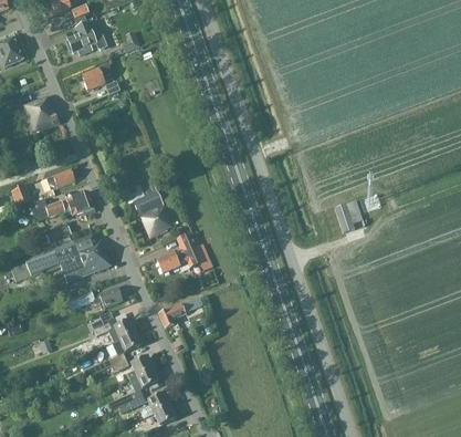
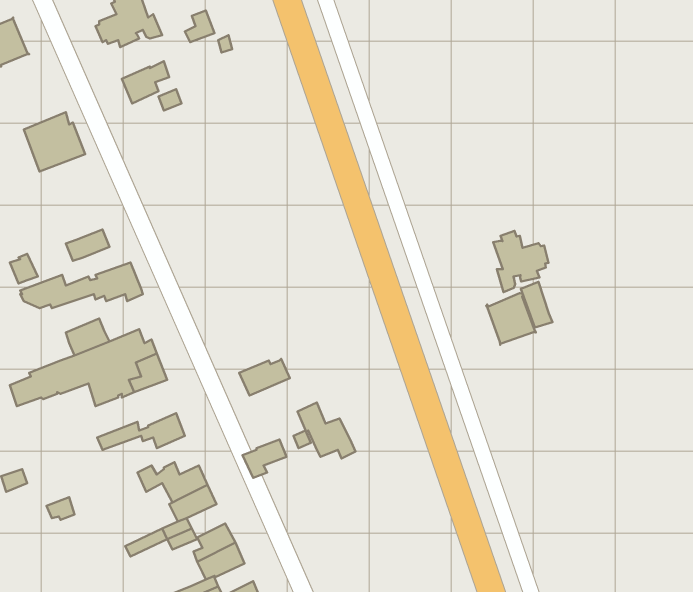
building: none -> [493,231,549,292]
building: [126,183,172,237] -> none
building: none -> [486,293,536,345]
building: [176,233,212,269] -> [298,403,355,459]

